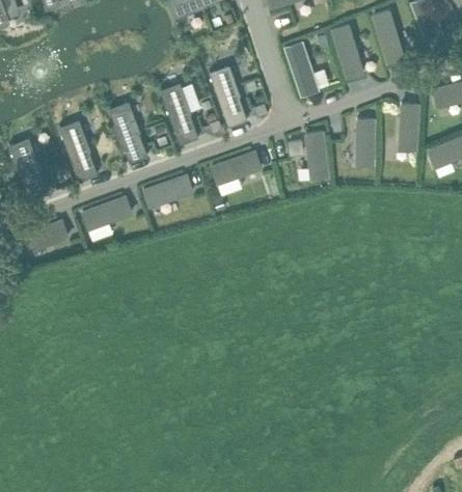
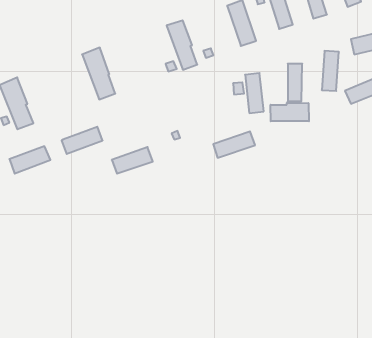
building: [158,81,198,144] -> none
building: [57,118,99,182] -> none
building: [211,152,262,184] -> [213,131,255,158]
building: none -> [271,103,309,121]
building: [143,174,193,207] -> [112,147,153,174]

